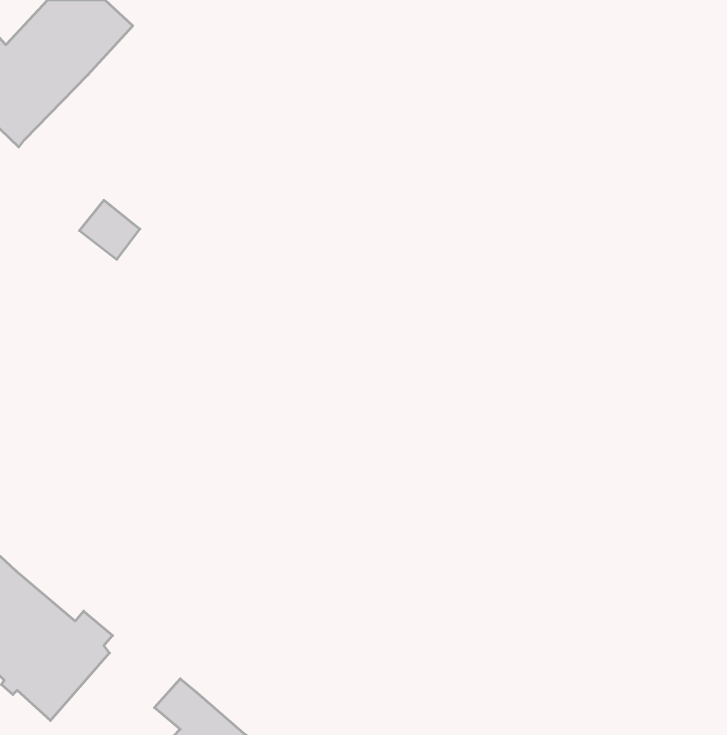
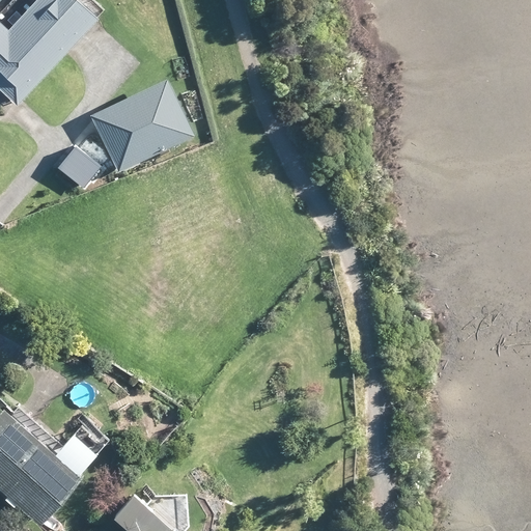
building: none -> [90,79,197,174]

